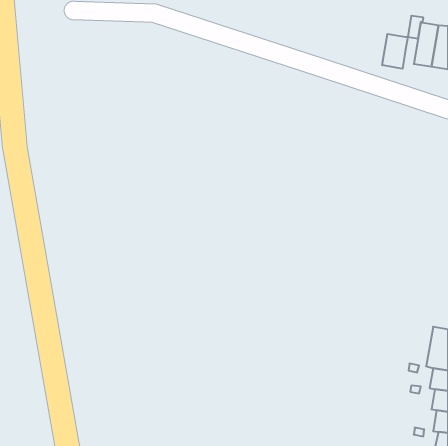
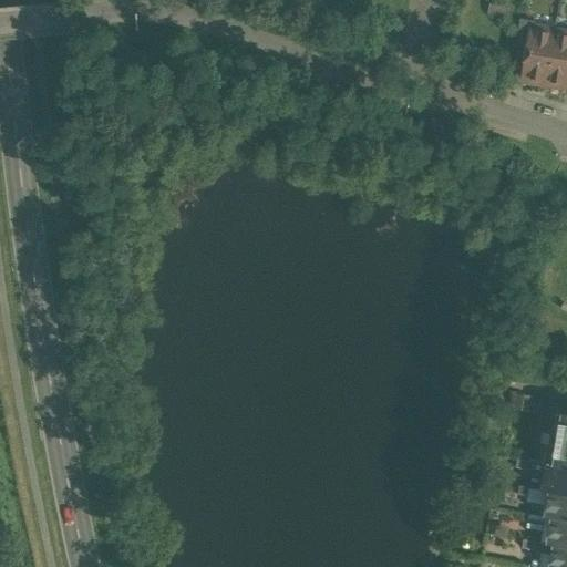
building: [382,34,408,69] -> none

